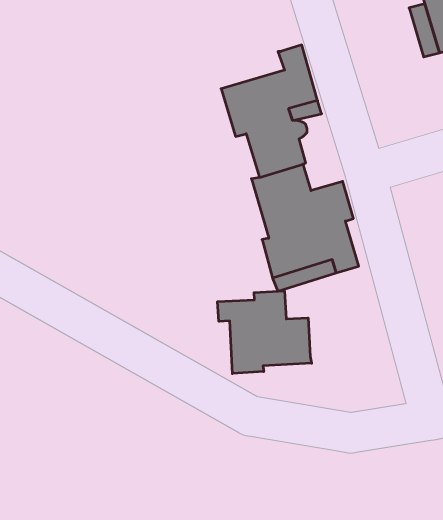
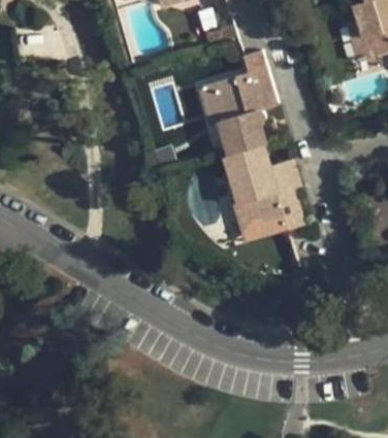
building: [218,291,312,374] -> none

